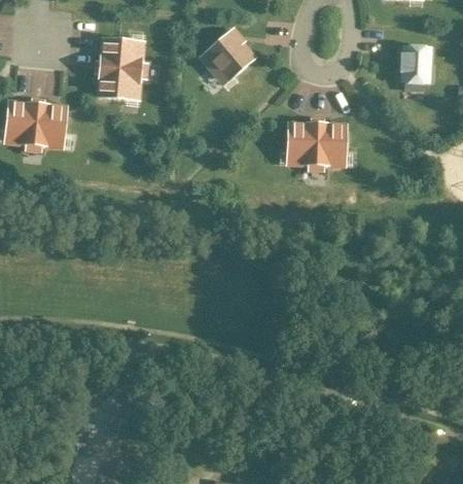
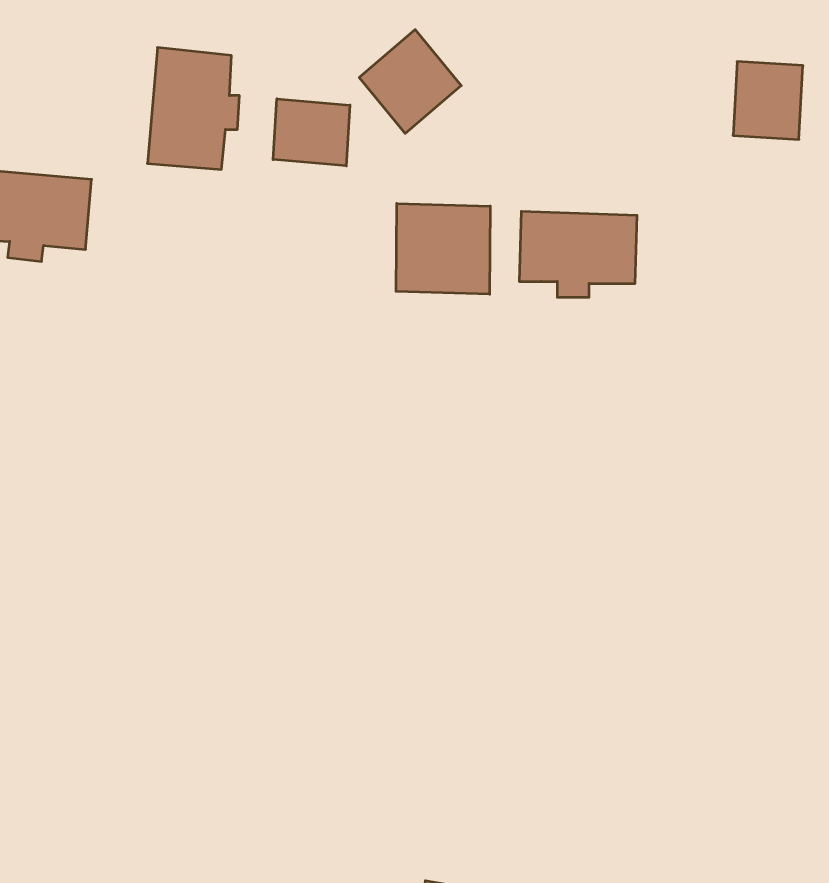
building: none -> [273,99,350,166]
building: none -> [396,203,490,294]

